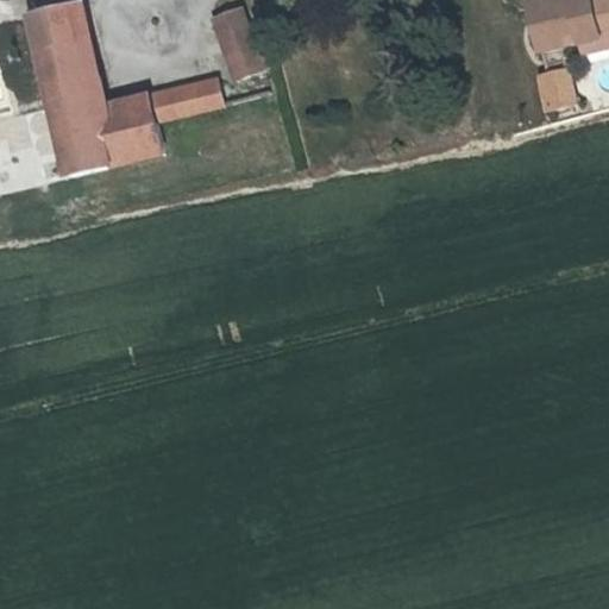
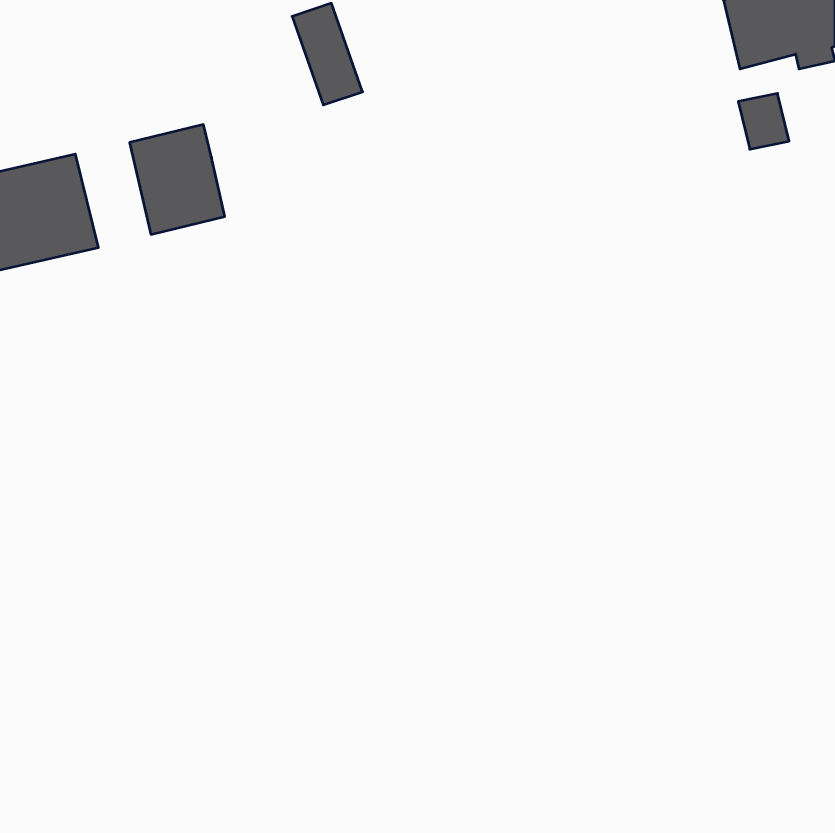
building: [32,13,109,180] -> none
building: [147,74,221,114] -> none

